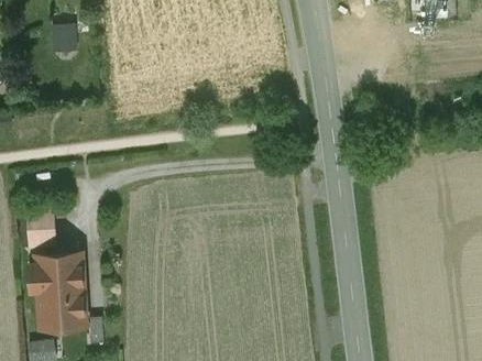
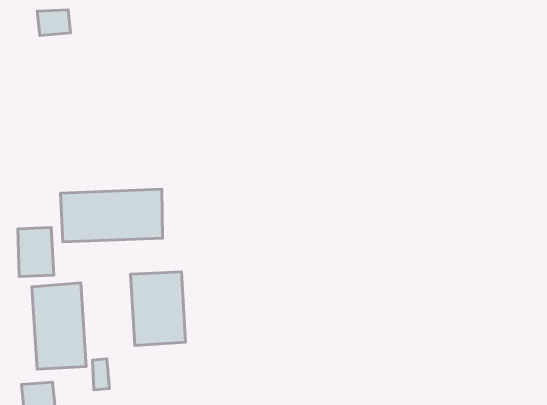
building: none -> [61,189,162,242]
building: none -> [131,272,186,346]

